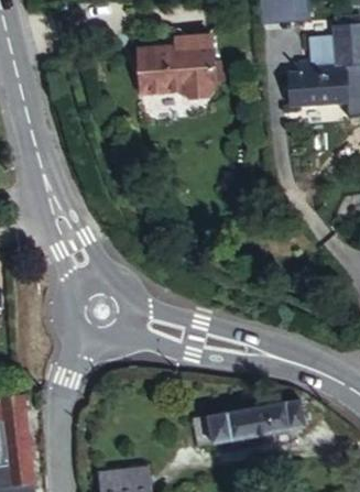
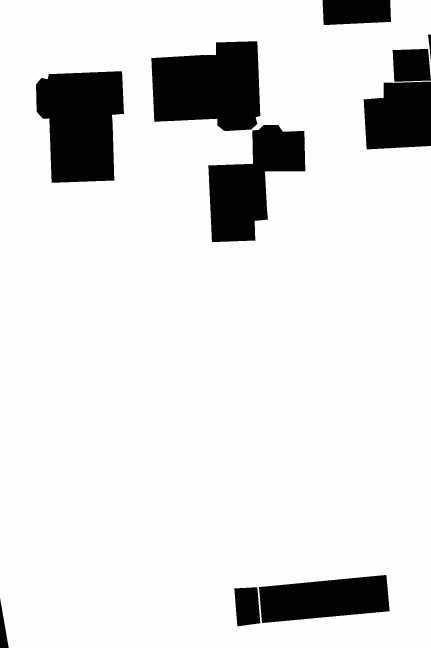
building: none -> [36,71,125,183]
building: none -> [208,124,306,243]

